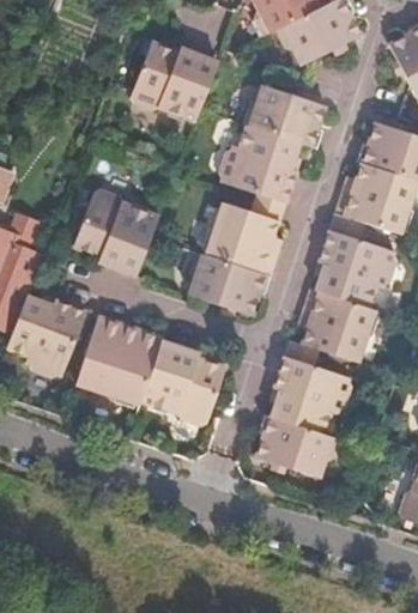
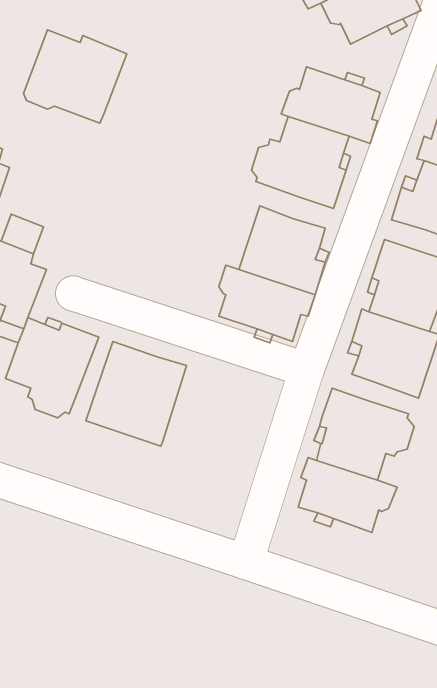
building: [132,40,219,119] -> [24,30,127,123]
building: [73,189,159,275] -> none
building: [141,341,225,426] -> none

